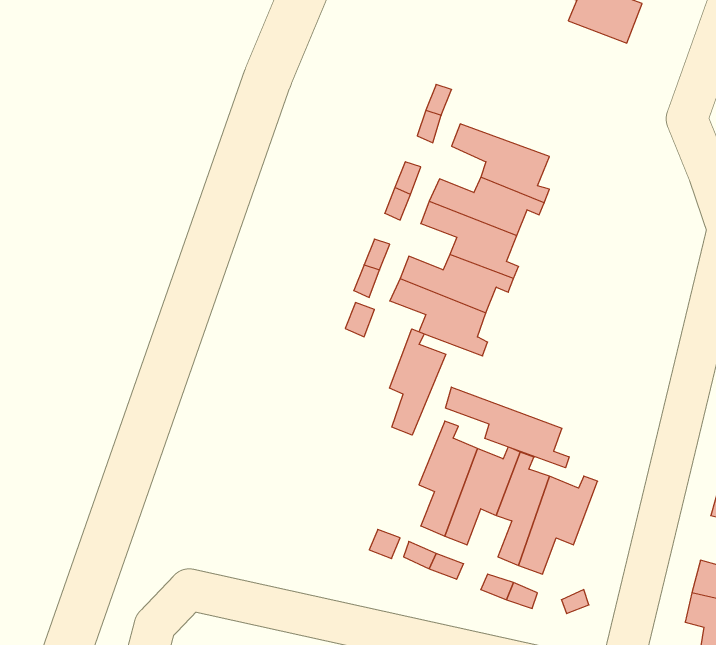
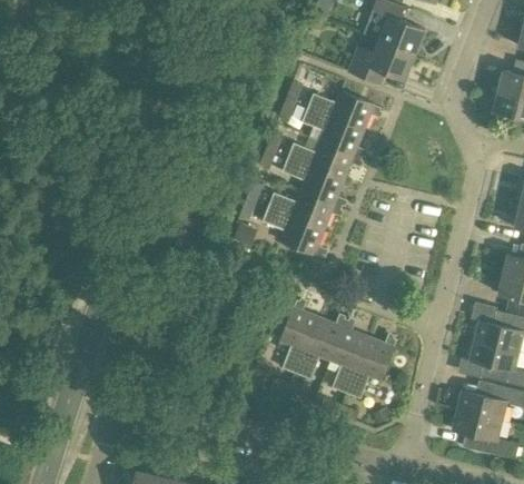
building: none -> [346,40,415,81]
building: none -> [307,91,382,128]
building: [390,329,446,435] -> none
building: [445,387,569,468] -> none

